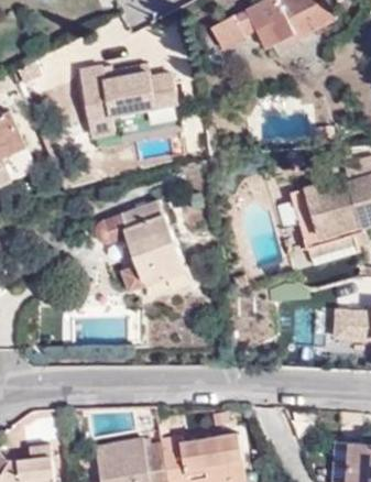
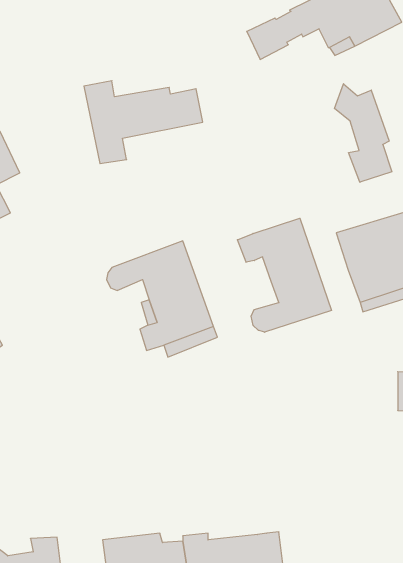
building: none -> [335,84,392,182]
building: none -> [237,218,332,332]

